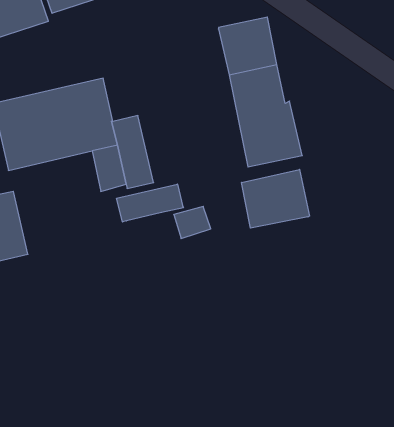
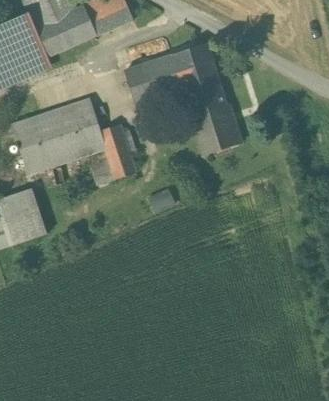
building: none -> [125,55,183,104]
building: [242,169,309,228] -> none
building: [117,184,183,222] -> none

